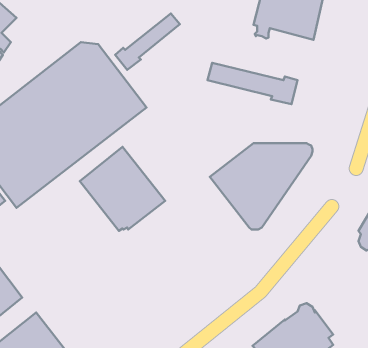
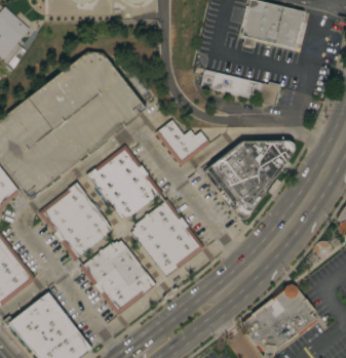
building: [115,13,180,70] -> none
building: none -> [156,119,210,165]
building: none -> [38,182,112,260]
building: none -> [131,199,205,277]
building: none -> [81,239,157,314]

